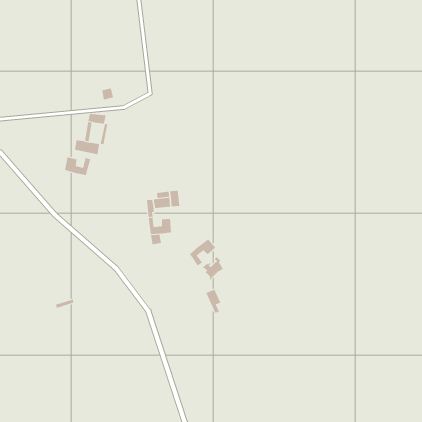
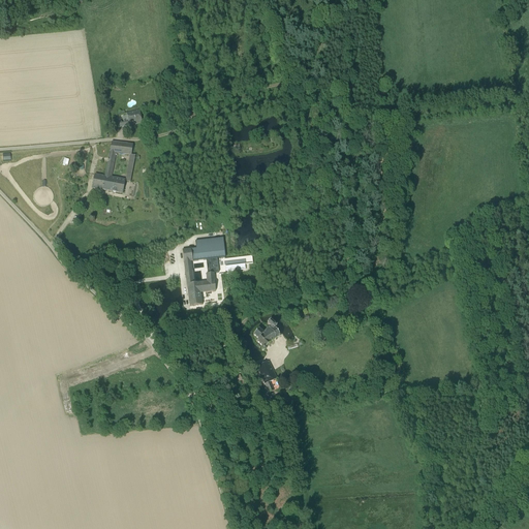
building: [65,157,91,176] -> none
building: [189,239,216,266] -> none

